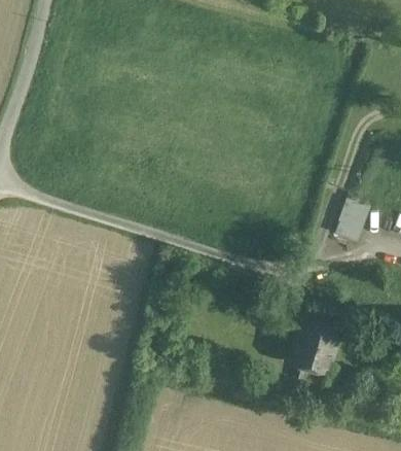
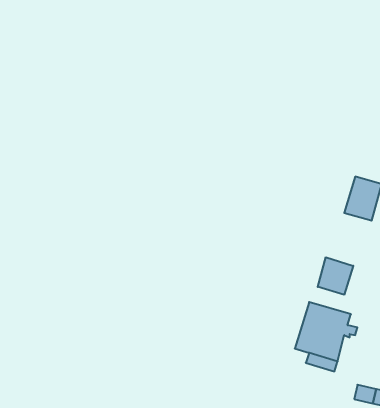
building: none -> [318,257,353,295]

